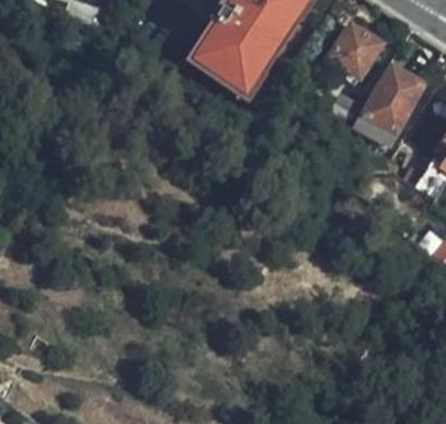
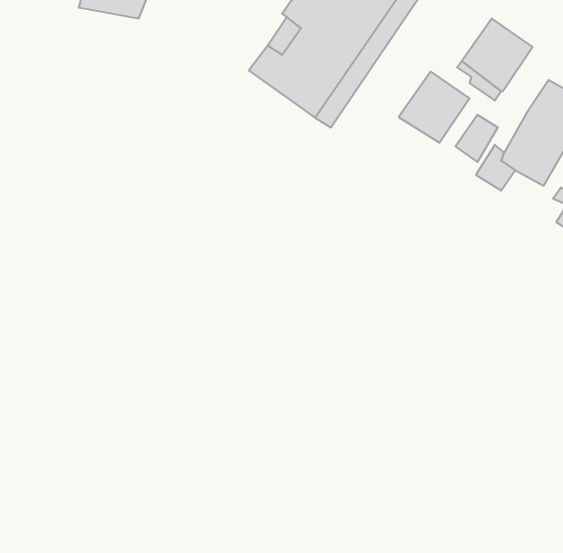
building: none -> [399,72,470,143]

